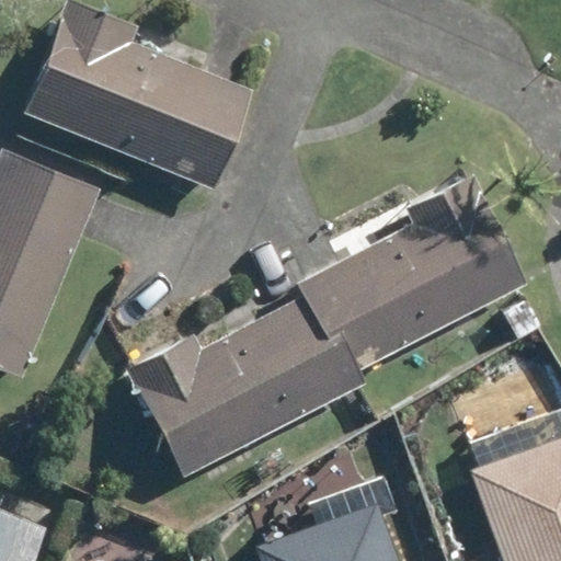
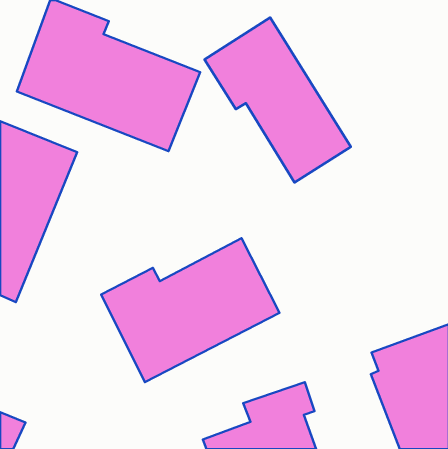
building: none -> [205,17,351,182]
building: [296,176,527,390] -> none

